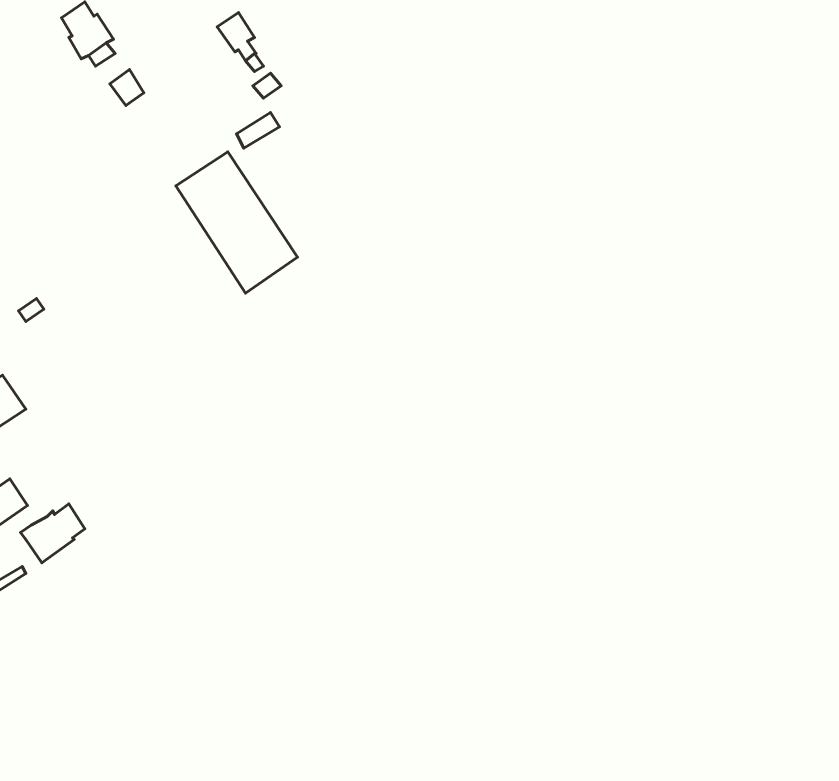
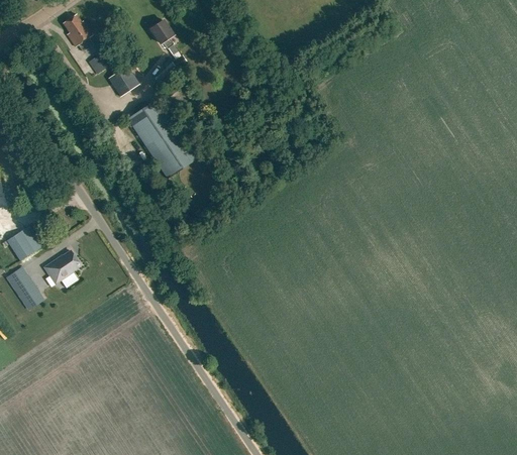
building: none -> [108,66,138,96]
building: [21,504,85,563] -> [42,250,79,283]

